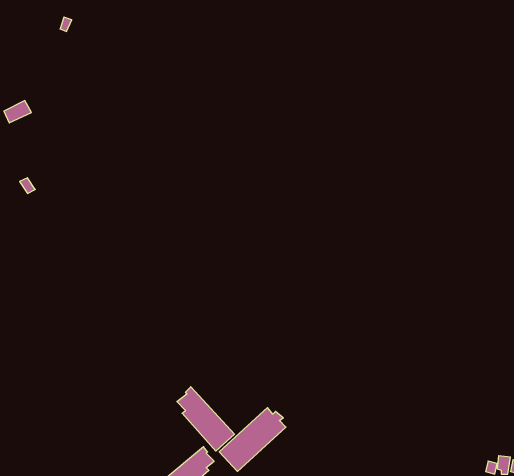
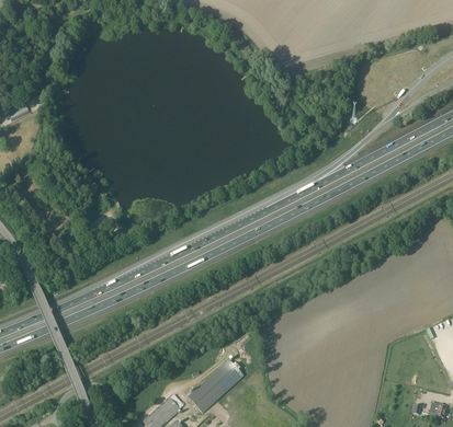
building: [177,387,234,451] -> none

